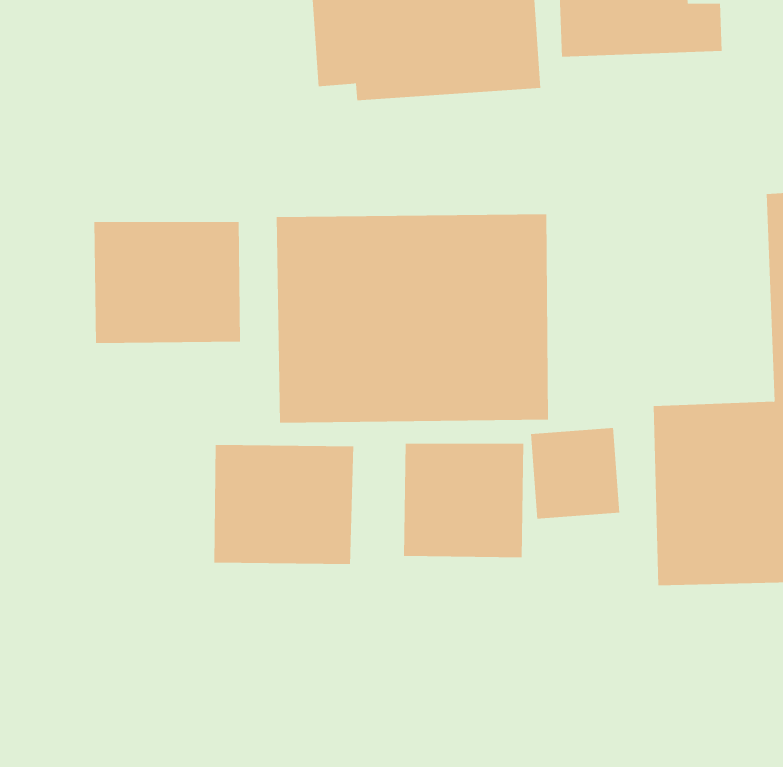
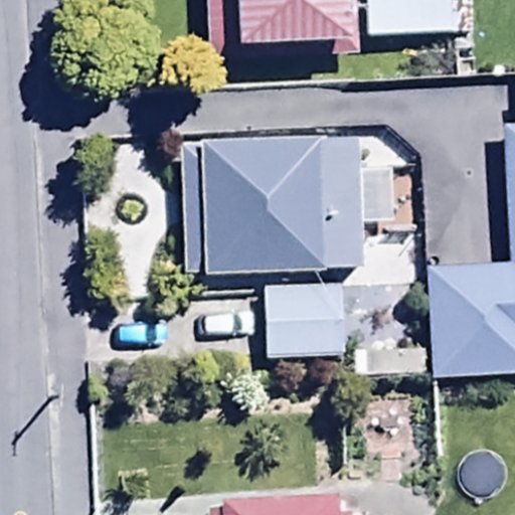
building: [94,221,240,344] -> none
building: [214,444,354,565] -> none

